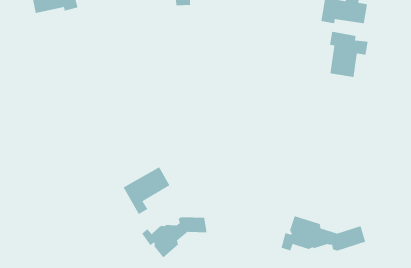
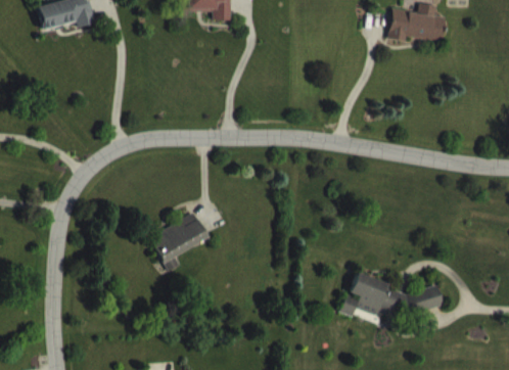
building: [329,31,369,78] -> none
building: [141,216,207,259] -> none

